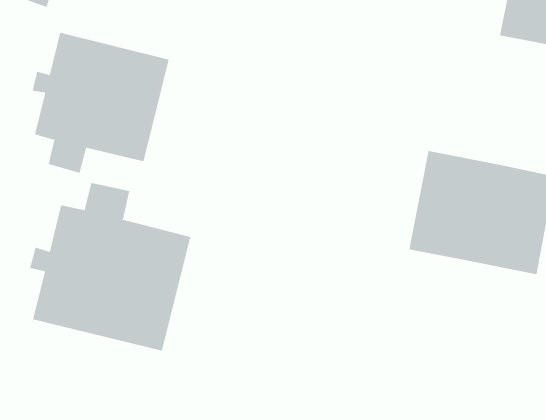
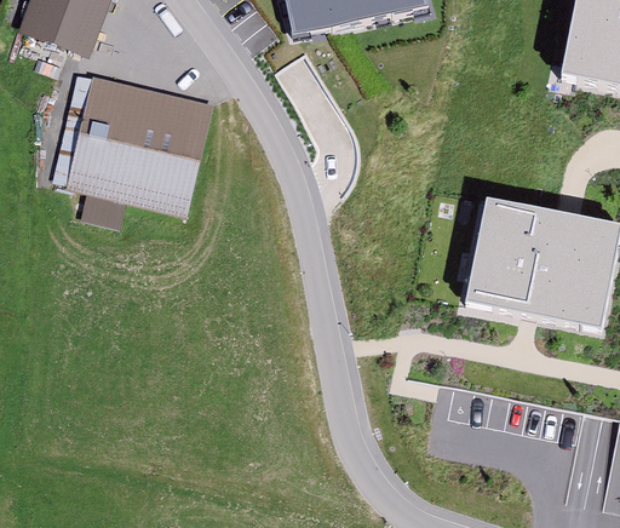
building: [29,182,191,351] -> none

